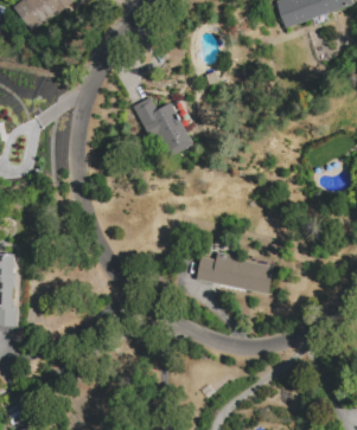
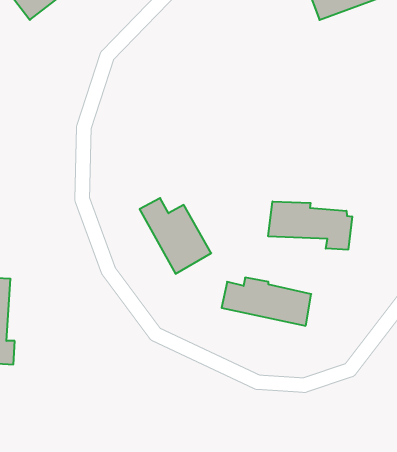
building: [133,96,195,161] -> [140,198,211,274]
building: none -> [268,201,352,250]

